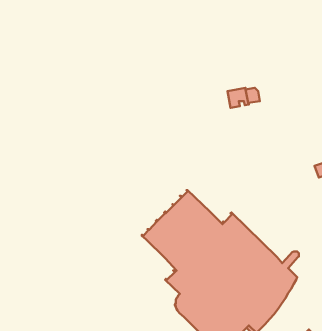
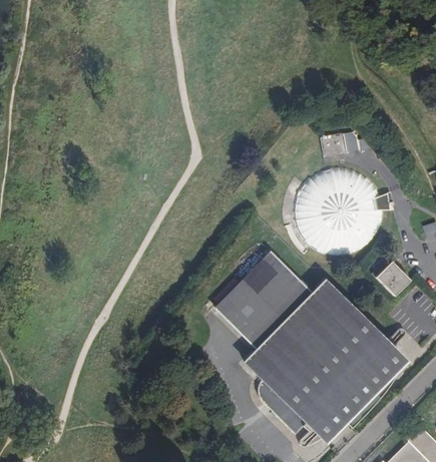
building: none -> [293,166,392,256]
building: none -> [372,260,410,295]

